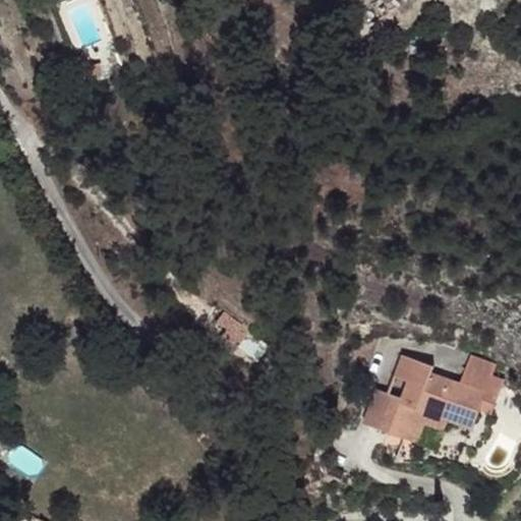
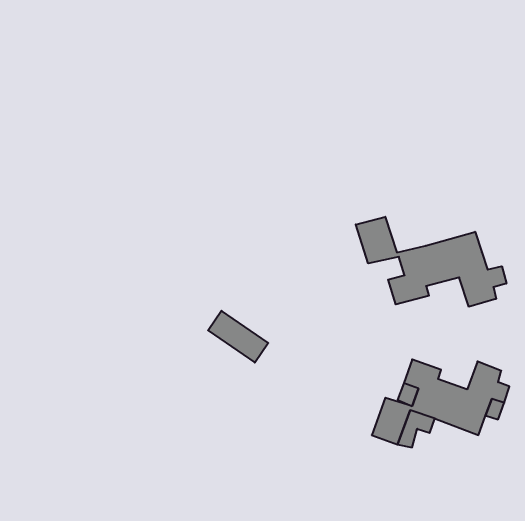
building: none -> [356,217,506,307]

